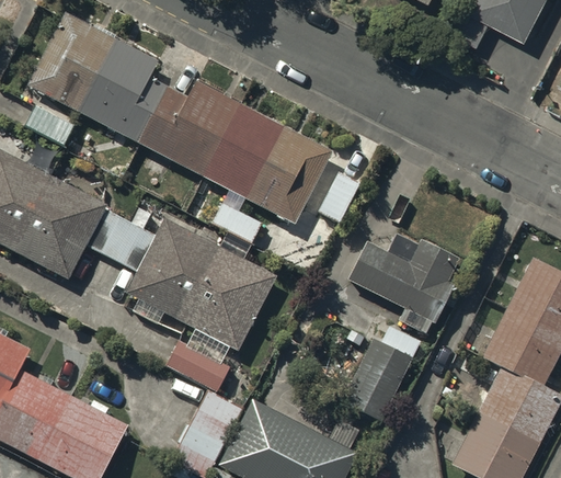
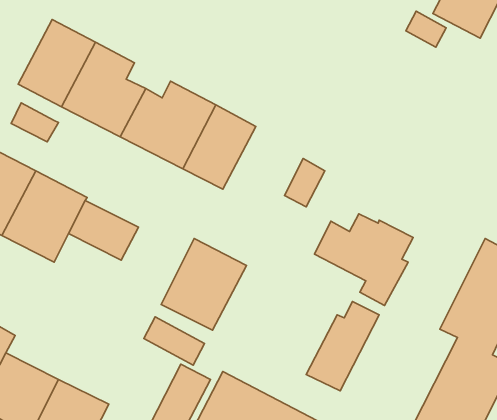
building: [253,136,331,226] -> none
building: [135,229,222,326] -> none

